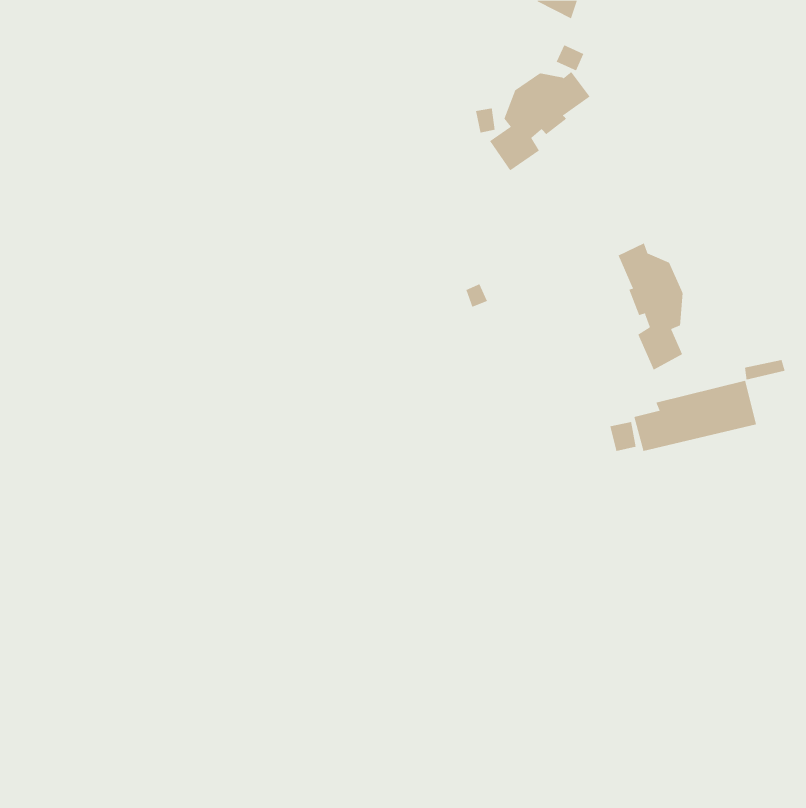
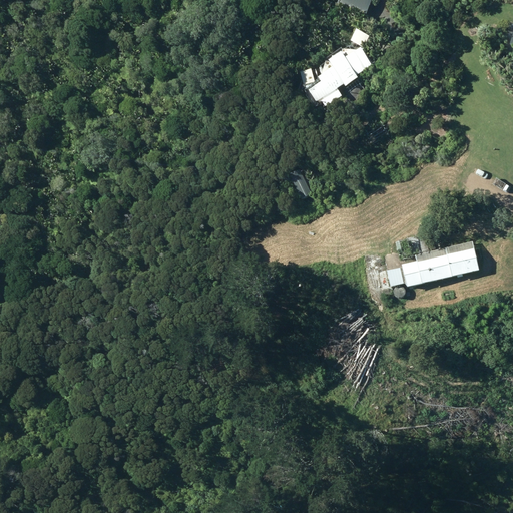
building: [618,242,683,371] -> none

